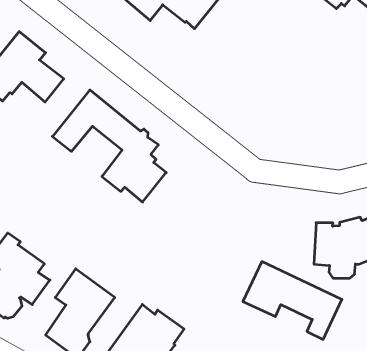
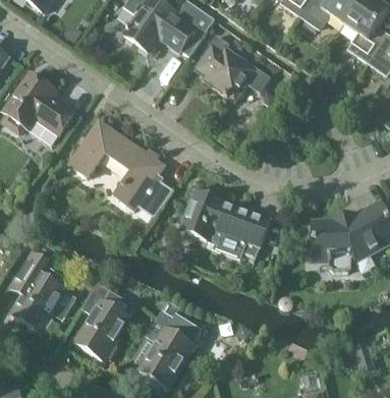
building: none -> [196,36,271,102]
building: [243,262,342,339] -> [180,190,270,257]

